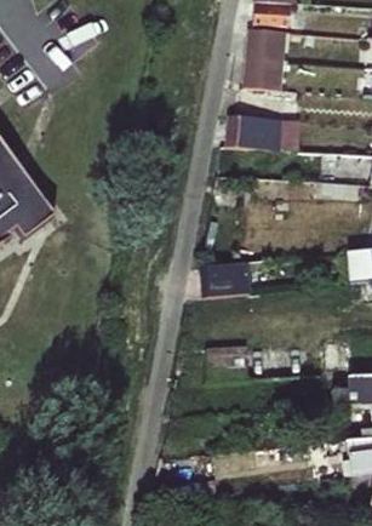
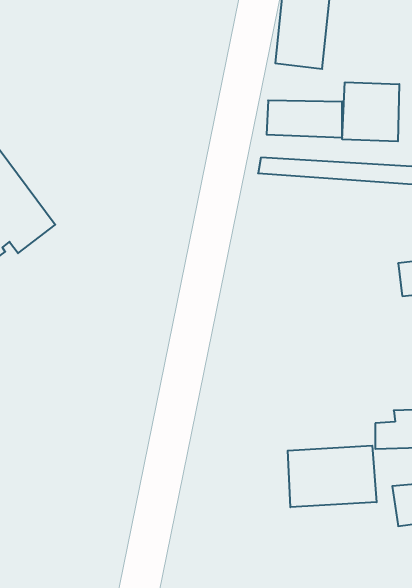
building: none -> [342,82,399,141]
building: none -> [288,446,377,507]

